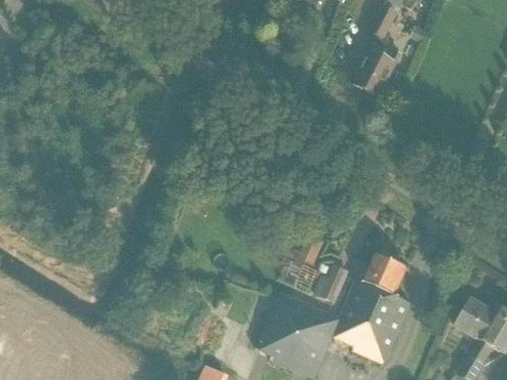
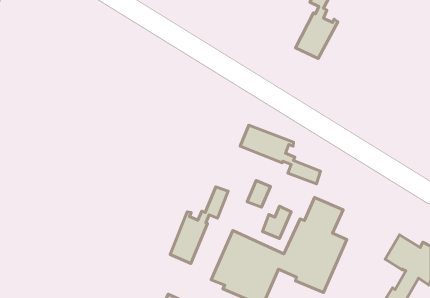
building: none -> [240,125,320,184]
building: none -> [170,187,228,264]

